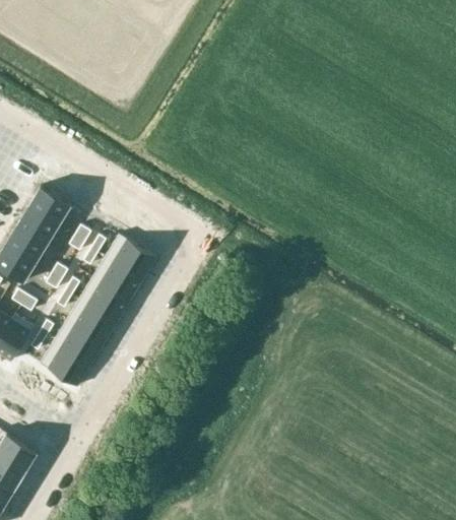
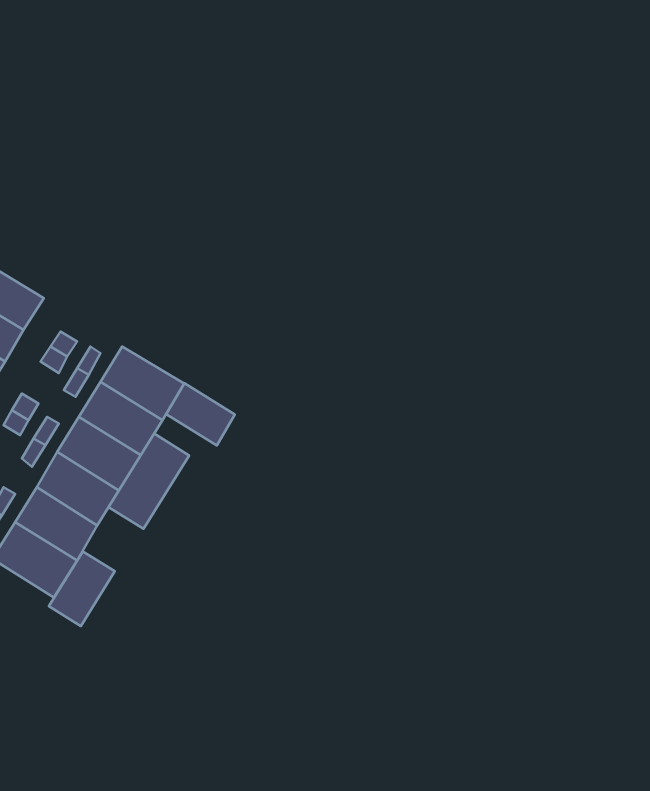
building: none -> [166,383,235,445]
building: none -> [109,434,189,529]
building: none -> [49,551,115,626]

